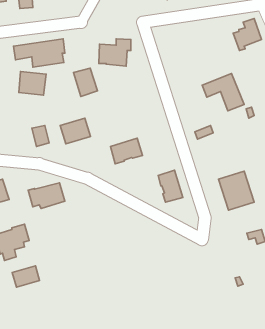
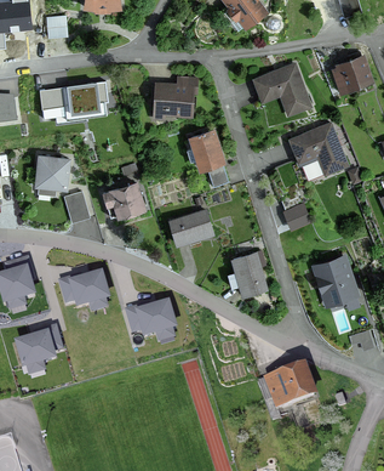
building: none -> [254,64,309,114]
building: [74,68,97,96] -> [190,131,222,169]
building: [19,72,46,95] -> [33,159,69,191]
building: none -> [126,299,177,340]
building: none -> [257,367,313,422]
building: [12,266,40,287] -> none

